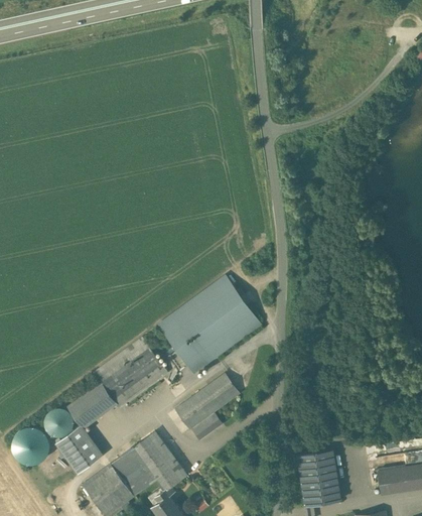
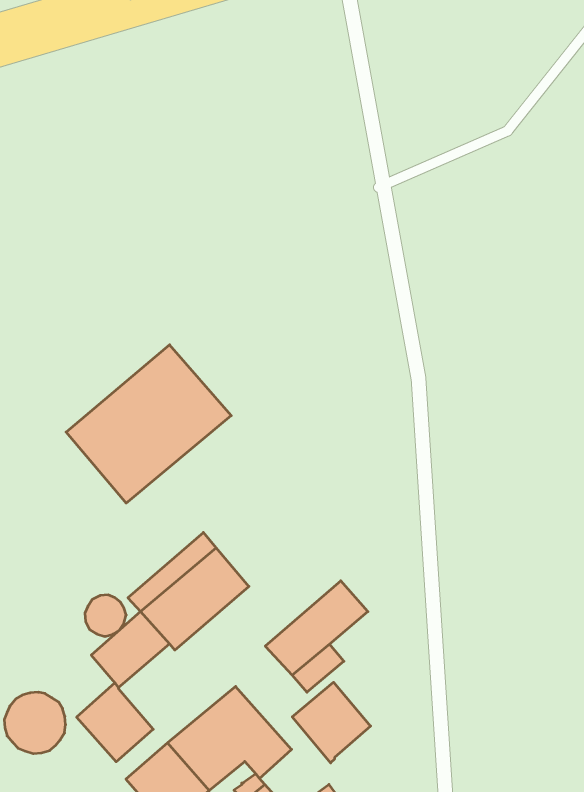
building: [158,277,260,372] -> [66,345,231,503]
building: [47,408,73,433] -> [85,595,126,636]
building: none -> [292,682,371,763]
building: [297,449,339,506] -> none

